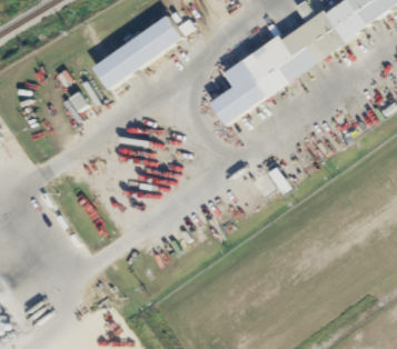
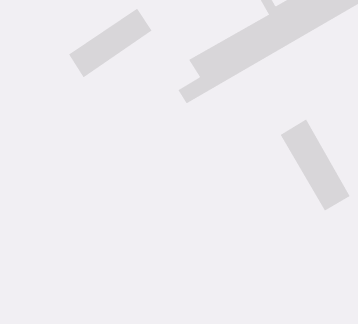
building: none -> [280,118,350,211]

